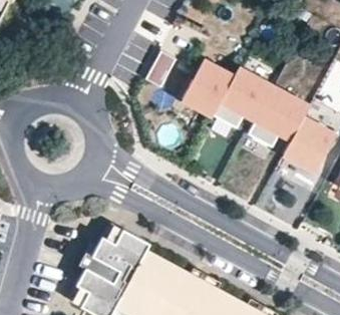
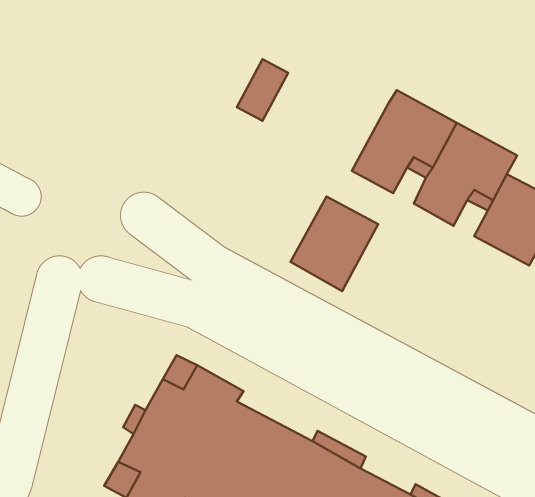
building: [182,60,233,115] -> [291,197,378,291]

